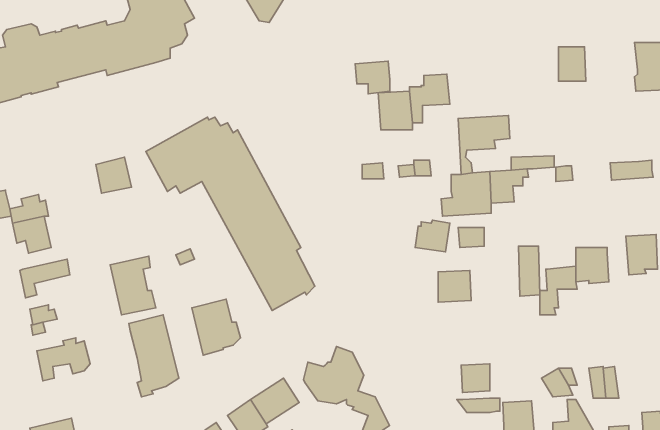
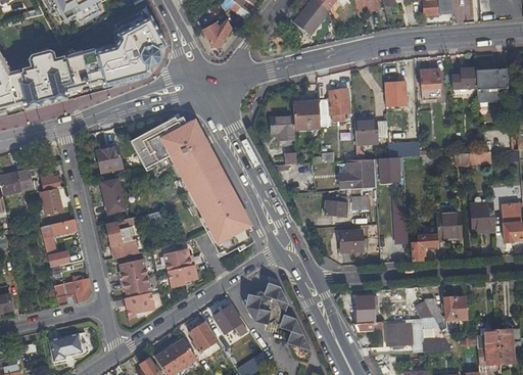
building: none -> [454,65,481,86]
building: [355,61,390,94] -> [274,114,298,138]
building: none -> [387,80,414,104]
building: none -> [100,185,124,215]

